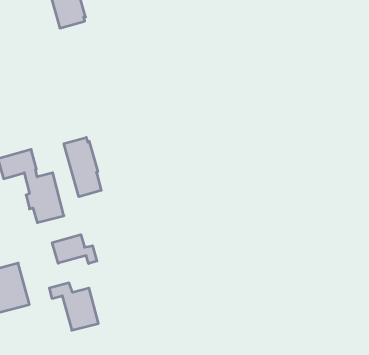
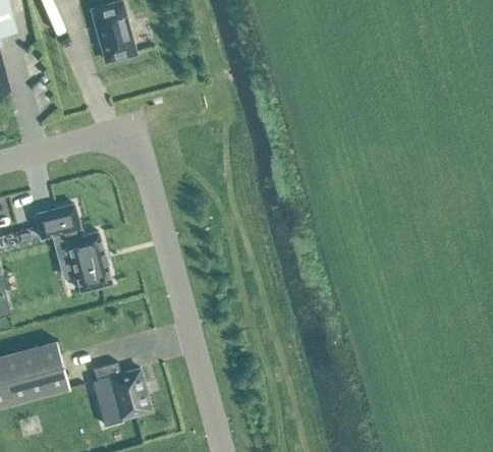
building: [64,137,101,197] -> none
building: [52,235,97,264] -> none

